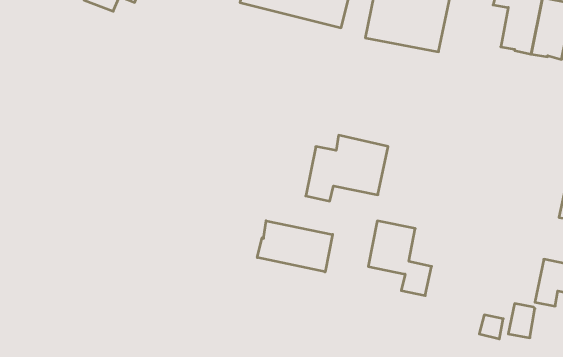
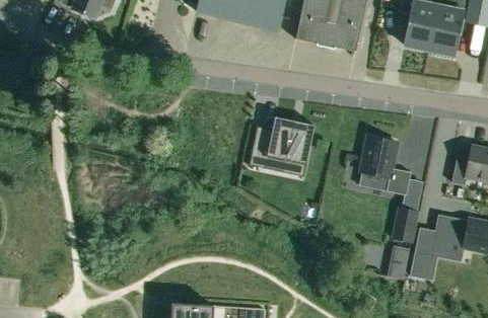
building: [257,221,333,272] -> none
building: [368,221,432,296] -> [360,136,411,195]
building: none -> [393,208,417,242]

